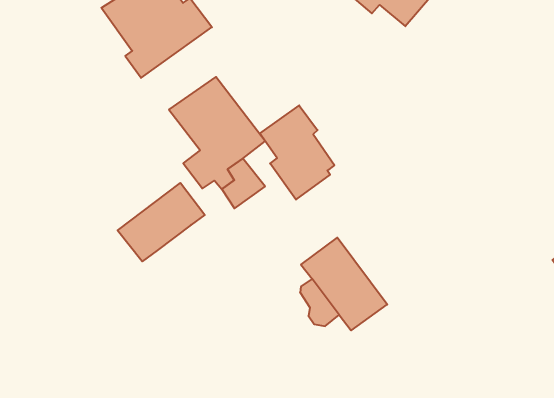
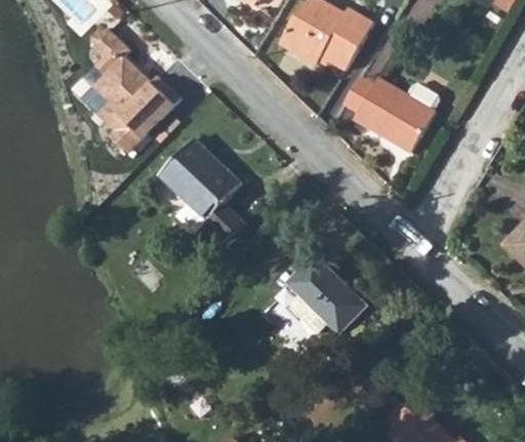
building: none -> [352,79,437,152]
building: [260,105,334,200] -> none
building: [118,183,205,261] -> none

